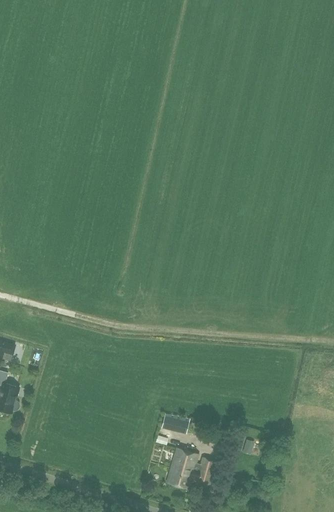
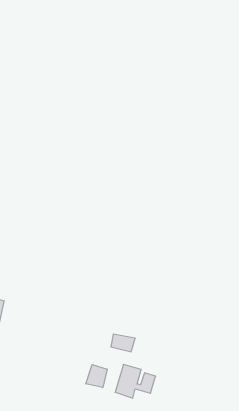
building: none -> [86,365,107,388]

